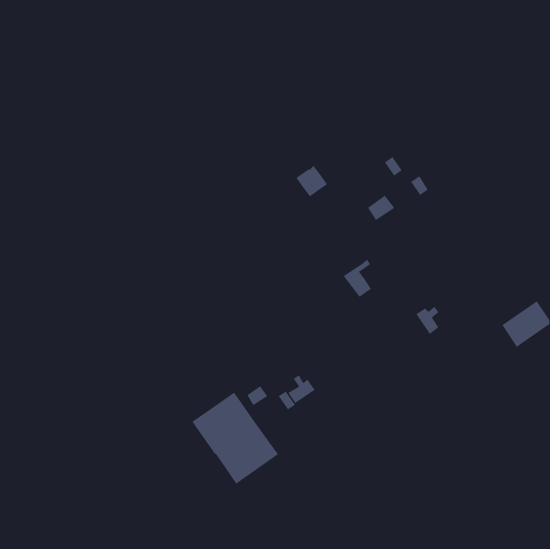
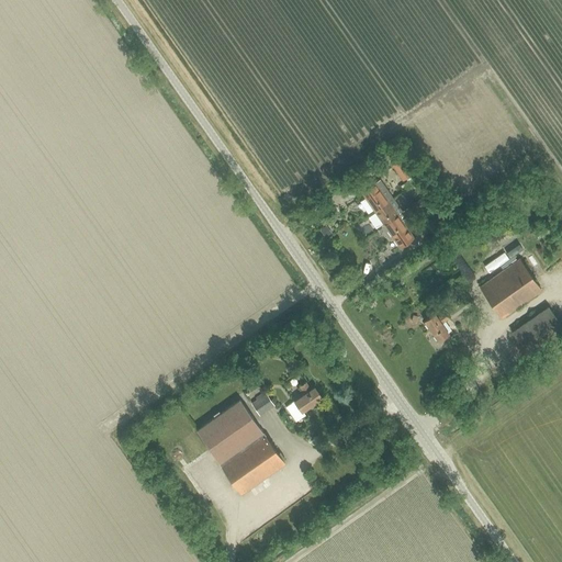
building: [296,165,328,197] -> [360,180,393,213]
building: none -> [479,260,540,318]
building: [343,259,372,298] -> [383,209,413,248]

